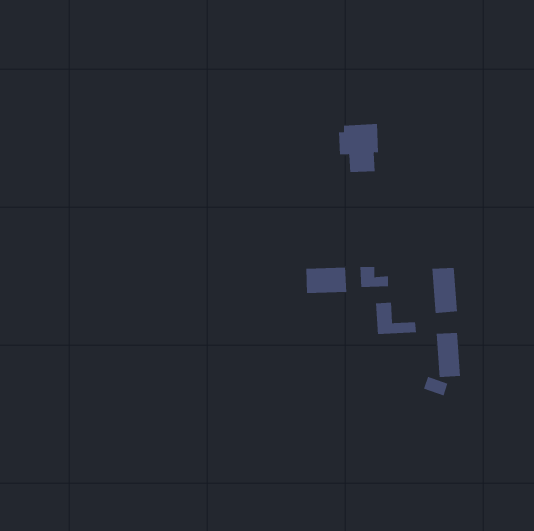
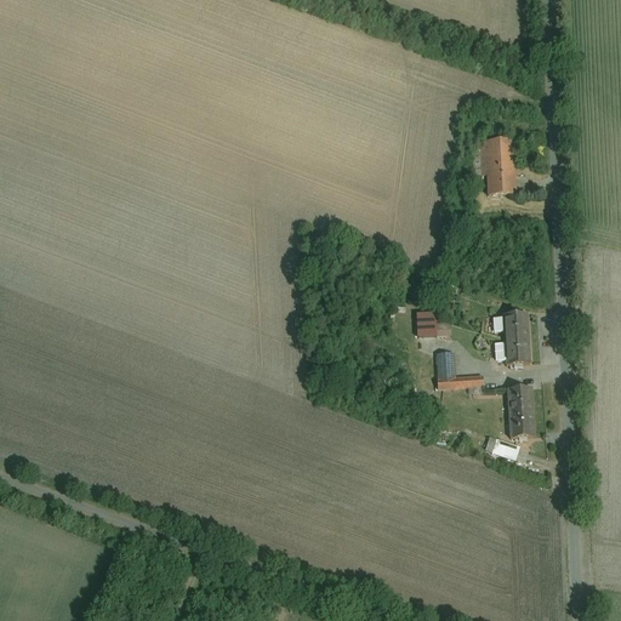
building: [338,123,379,173] -> [474,137,522,194]
building: [306,267,347,294] -> none

